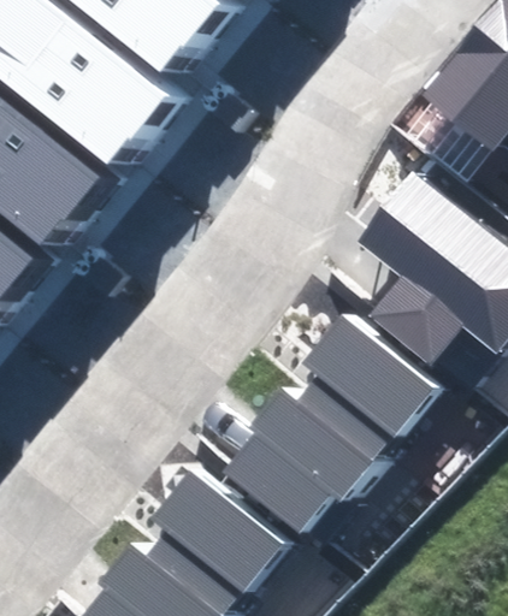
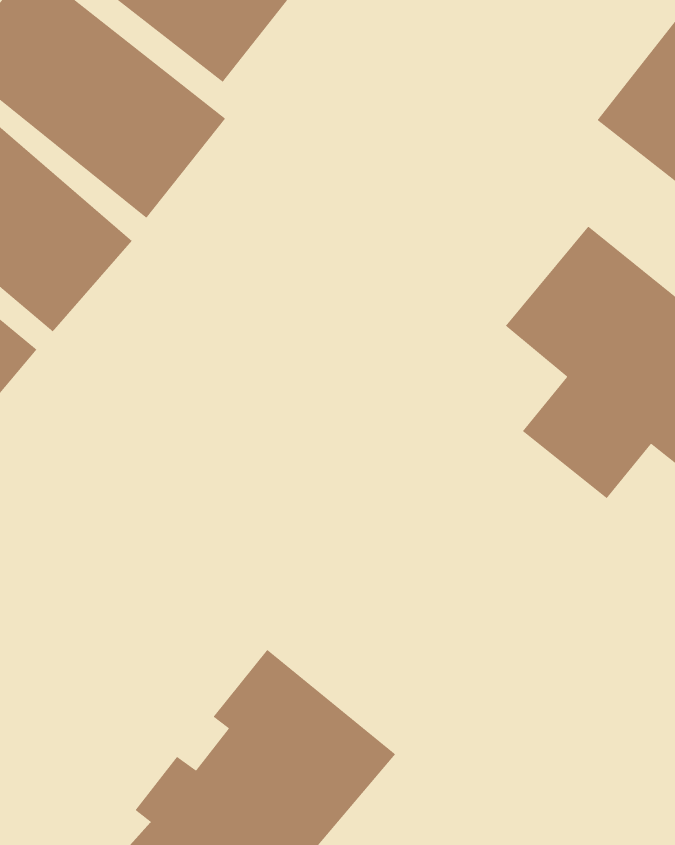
building: [229,316,432,534] -> none

